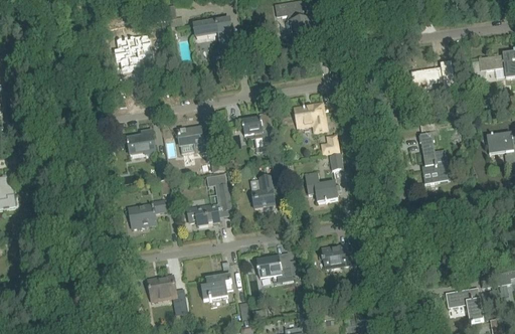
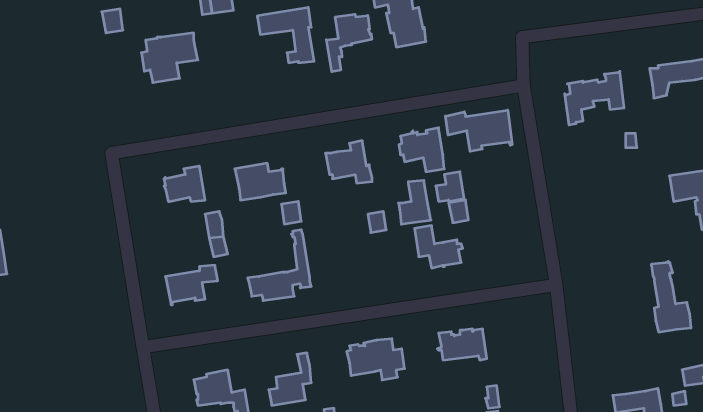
building: none -> [326,14,372,72]
building: none -> [445,110,512,151]
building: [419,133,448,183] -> [651,261,691,332]
building: [251,176,275,207] -> [398,180,431,224]

